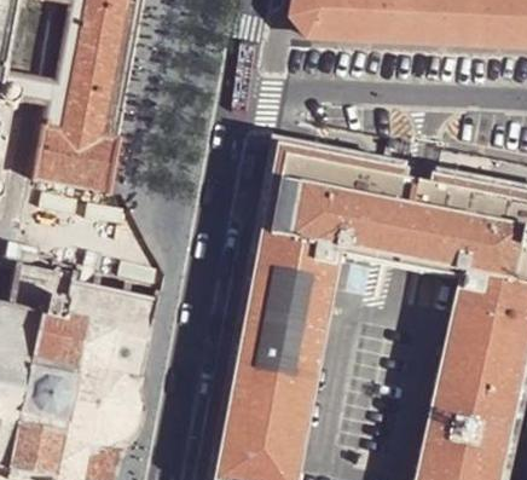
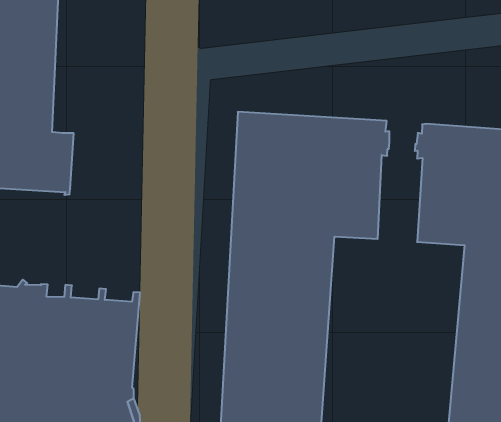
building: [382,186,432,279] -> none

